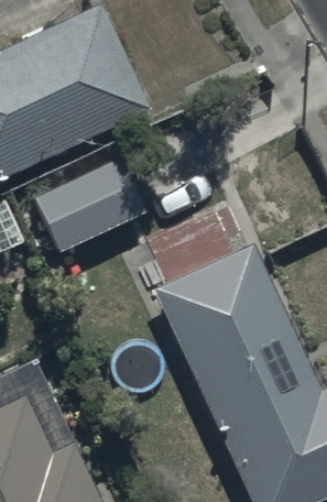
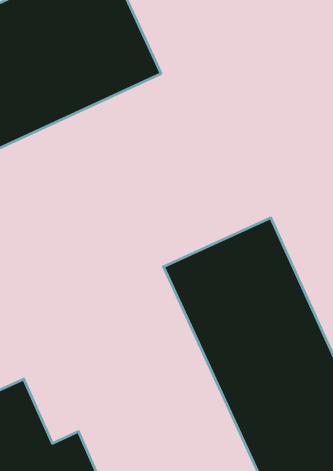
building: [29,152,146,254] -> none

